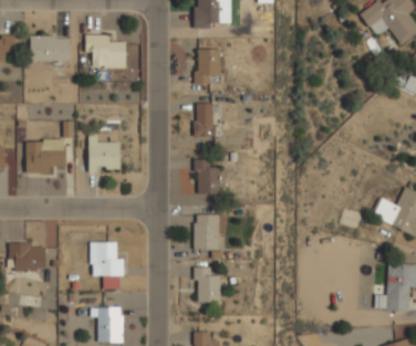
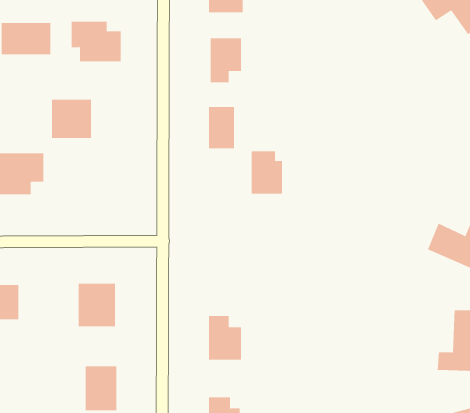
building: [89,141,121,172] -> [51,99,92,138]
building: [195,160,220,195] -> [251,151,283,194]
building: [194,214,220,250] -> none

